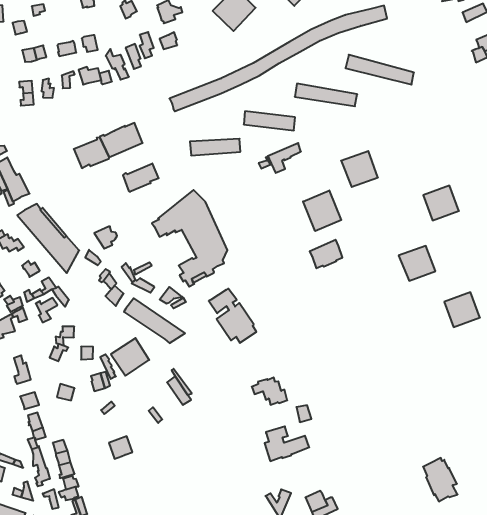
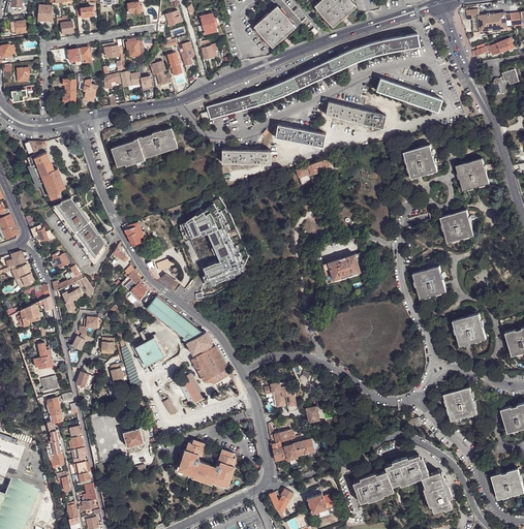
building: none -> [456,159,489,191]
building: [341,151,378,187] -> [403,146,437,179]
building: [123,163,159,192] -> none
building: [303,190,341,231] -> none
building: [209,289,256,343] -> [185,332,228,384]
building: none -> [443,387,477,422]
building: none -> [352,454,428,502]
building: none -> [179,440,234,487]

